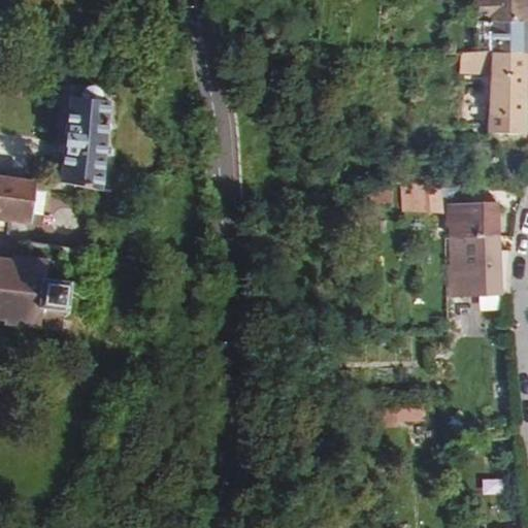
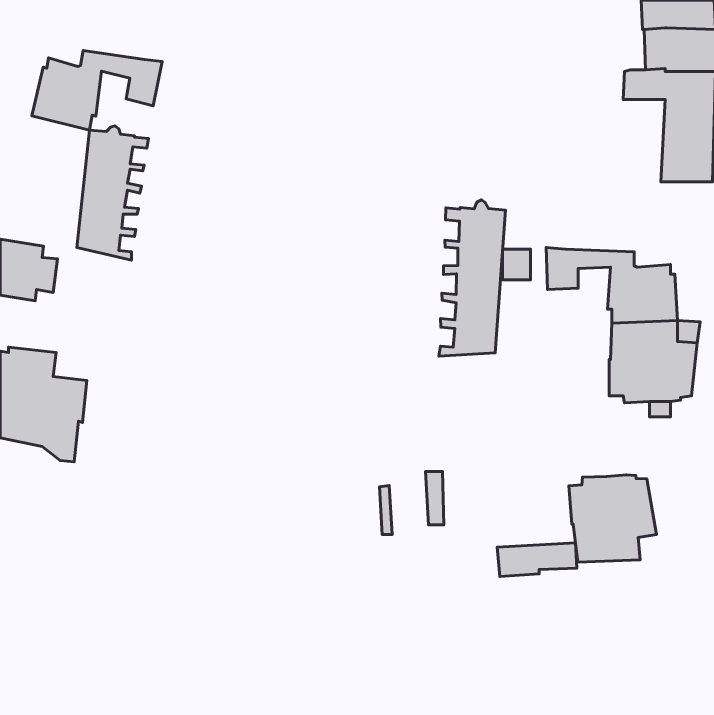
building: none -> [32,51,162,130]
building: none -> [439,200,505,356]
building: none -> [569,475,657,562]

